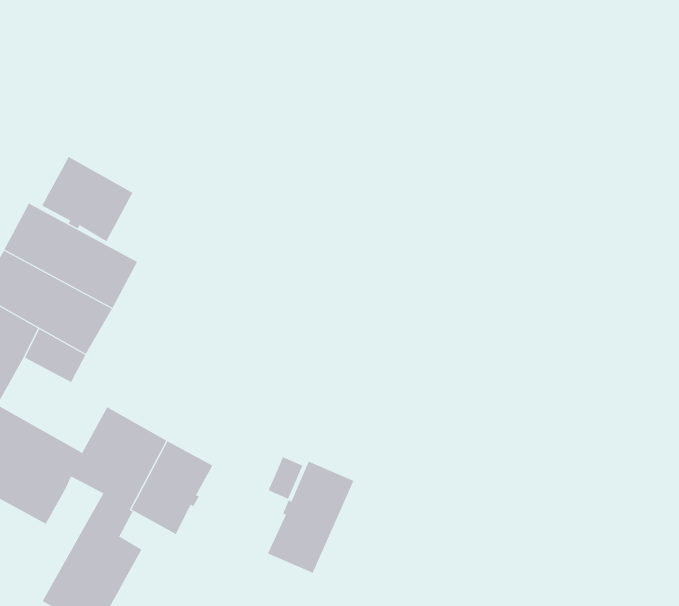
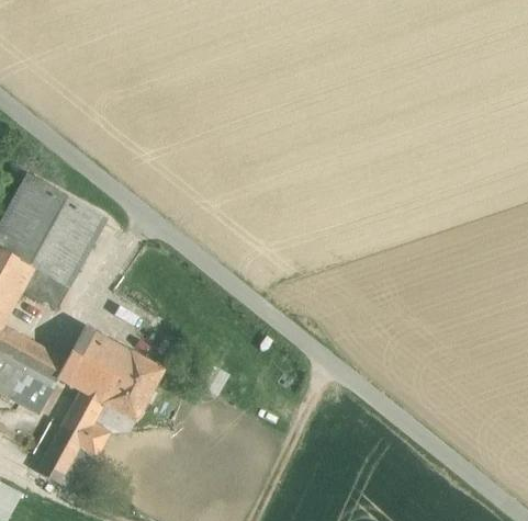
building: [42,156,133,242] -> none
building: [267,461,354,574] -> none

